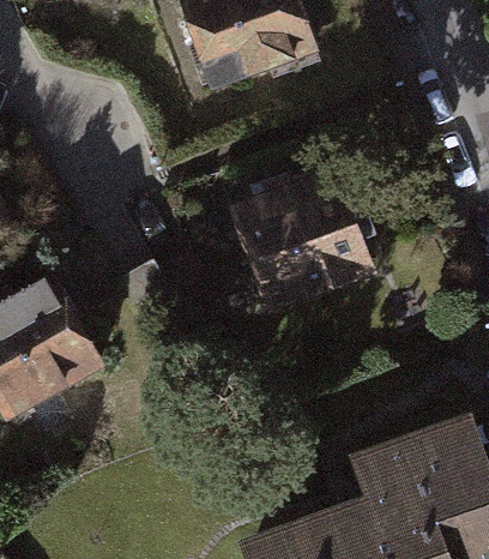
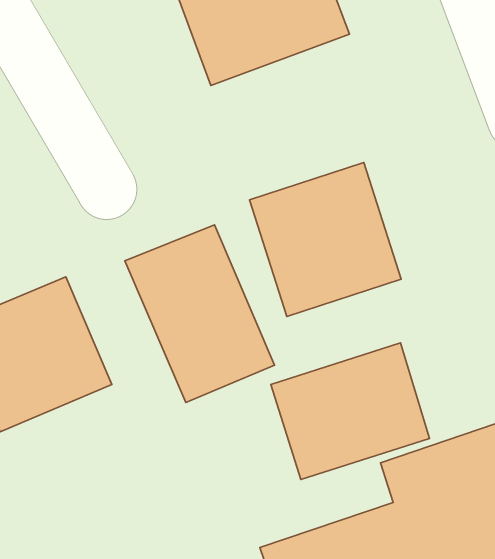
building: none -> [125,225,274,402]
building: none -> [271,343,429,480]

